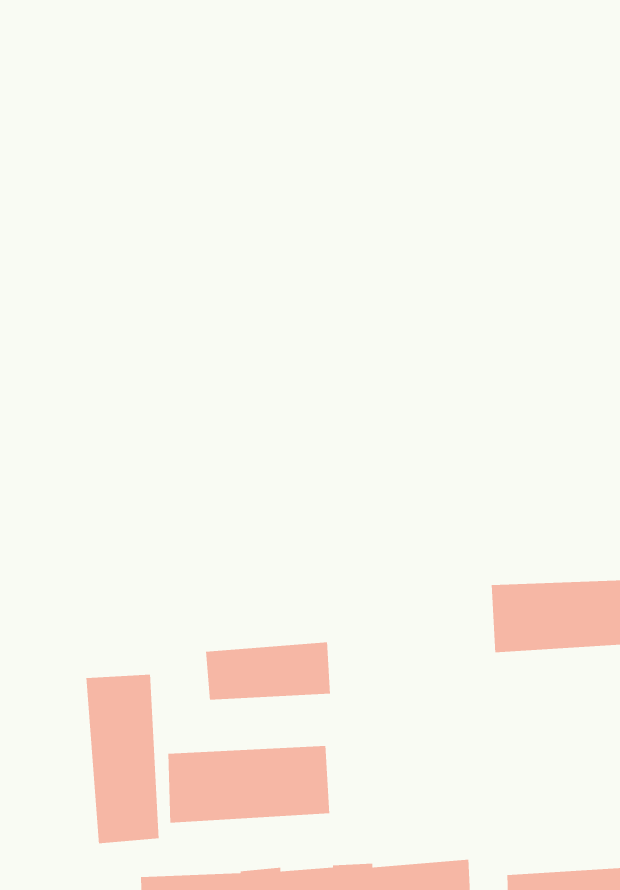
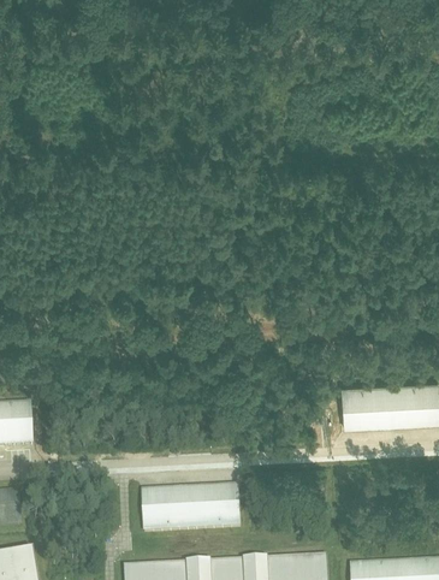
building: [205,641,331,701] -> none
building: [85,674,160,844] -> none

